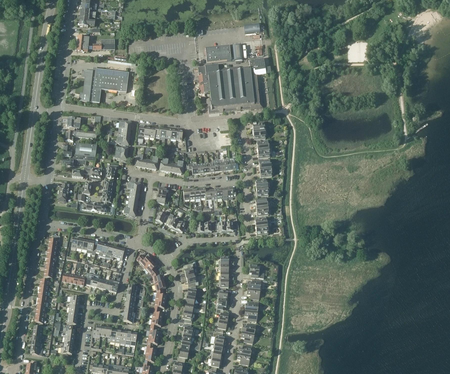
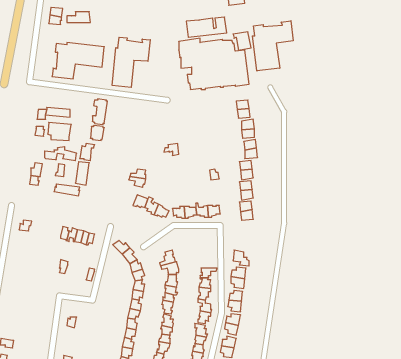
building: none -> [252,21,293,71]
building: none -> [112,37,150,87]

